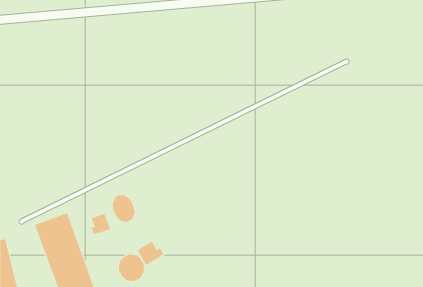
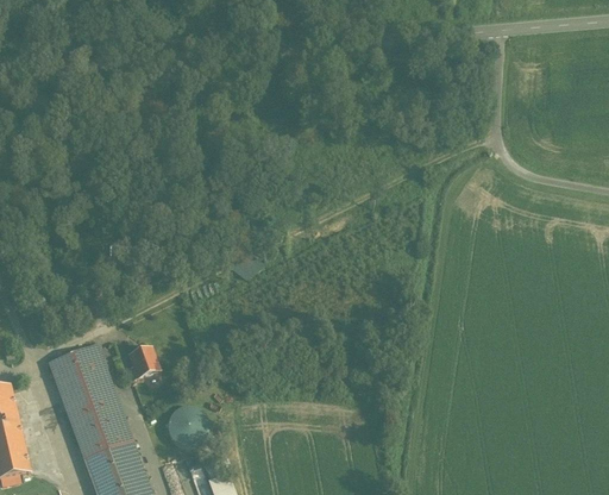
building: [112,194,135,222] -> none
building: [137,241,165,266] -> none

